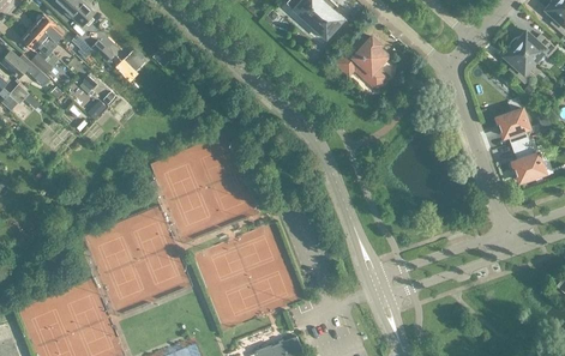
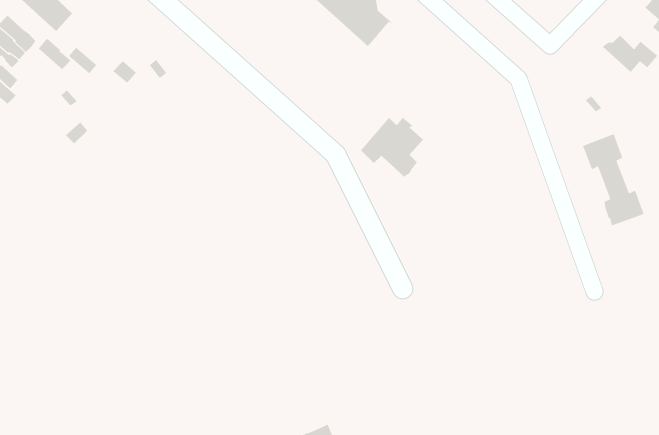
building: [338,36,389,84] -> [360,117,424,178]
building: [504,40,535,83] -> none

